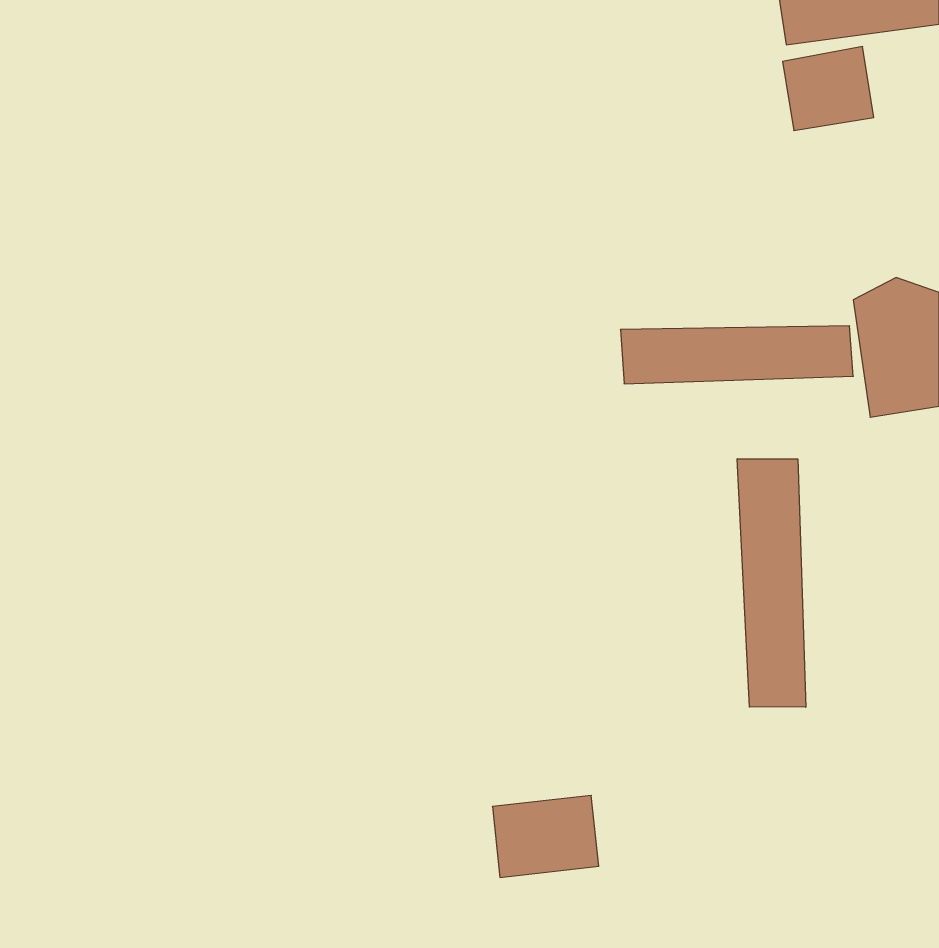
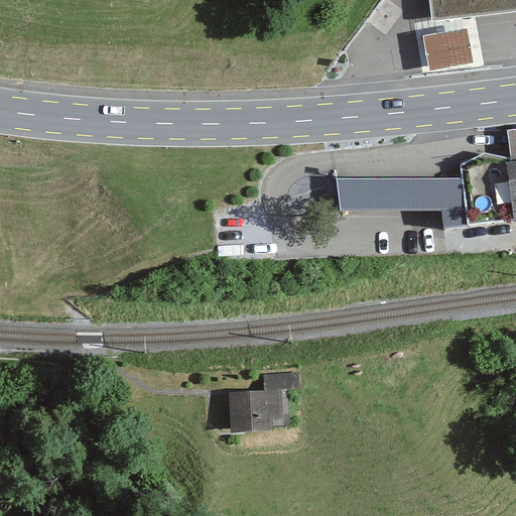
building: [737,459,806,707] -> none
building: [492,795,599,877] -> [232,388,289,432]

